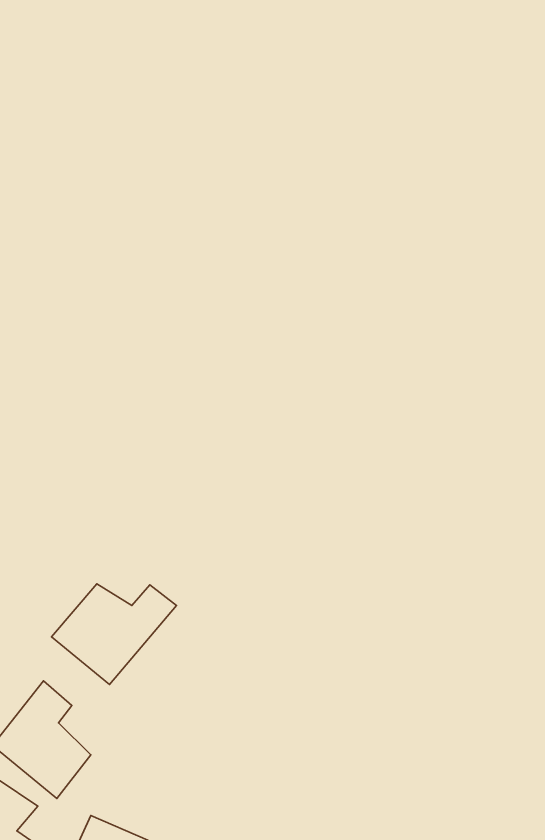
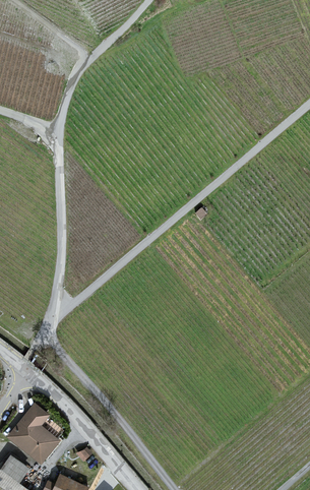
building: [52,584,177,685] -> none

